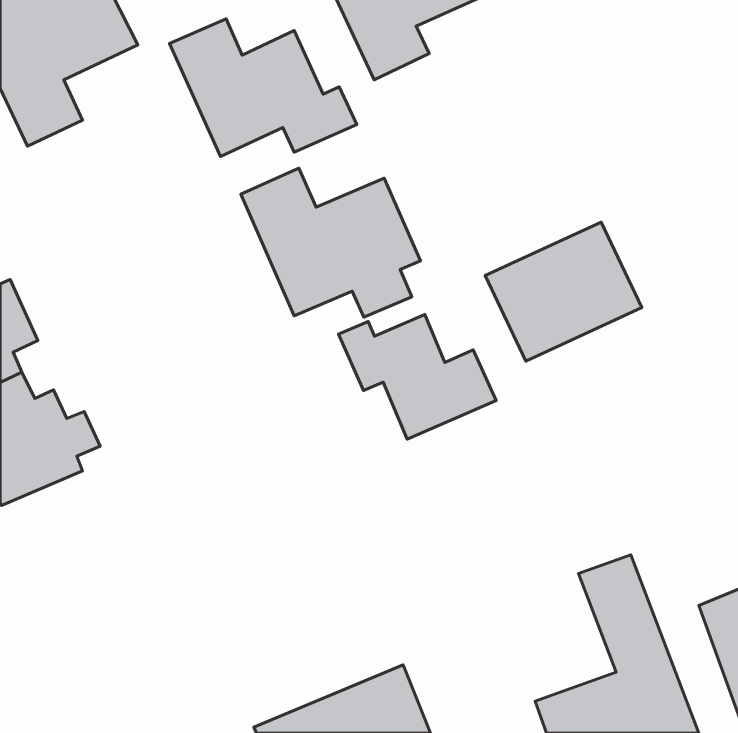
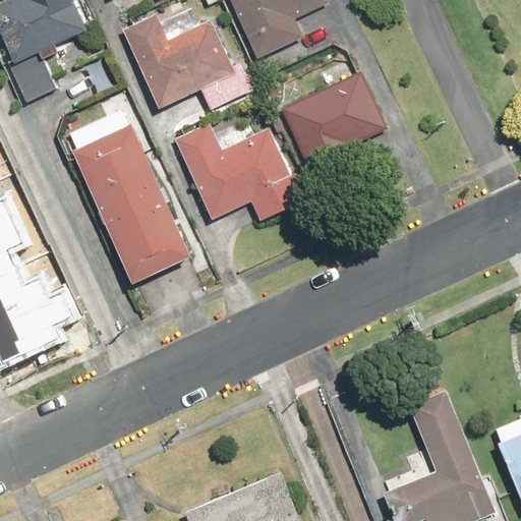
building: none -> [69,108,189,286]
building: [485,222,642,361] -> [280,73,390,171]
building: [338,314,496,439] -> none

